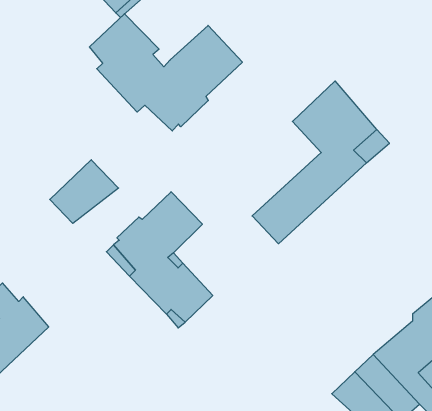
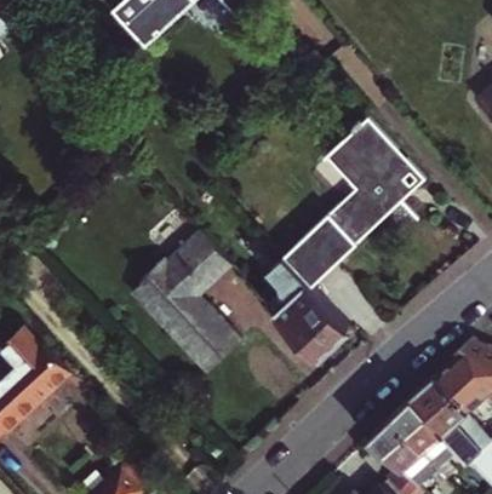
building: [89,14,242,131] -> none
building: [50,160,119,223] -> none
building: none -> [267,258,349,357]

